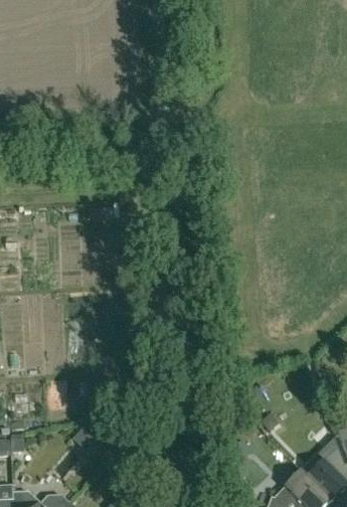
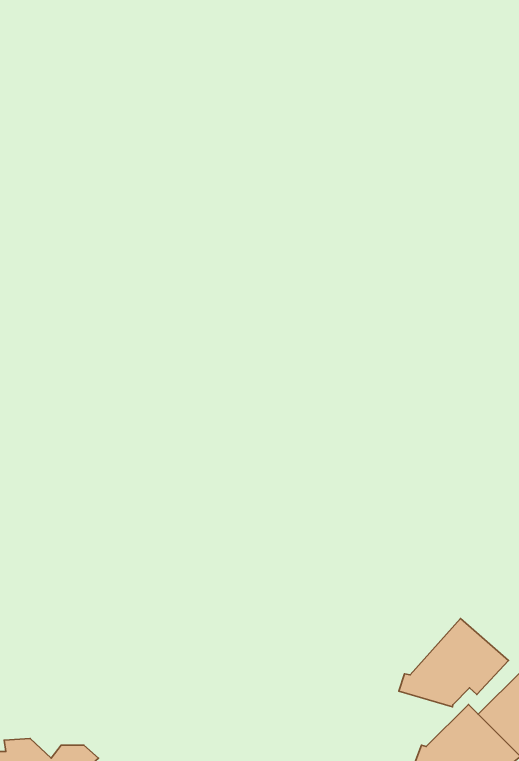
building: none -> [399,618,509,707]

